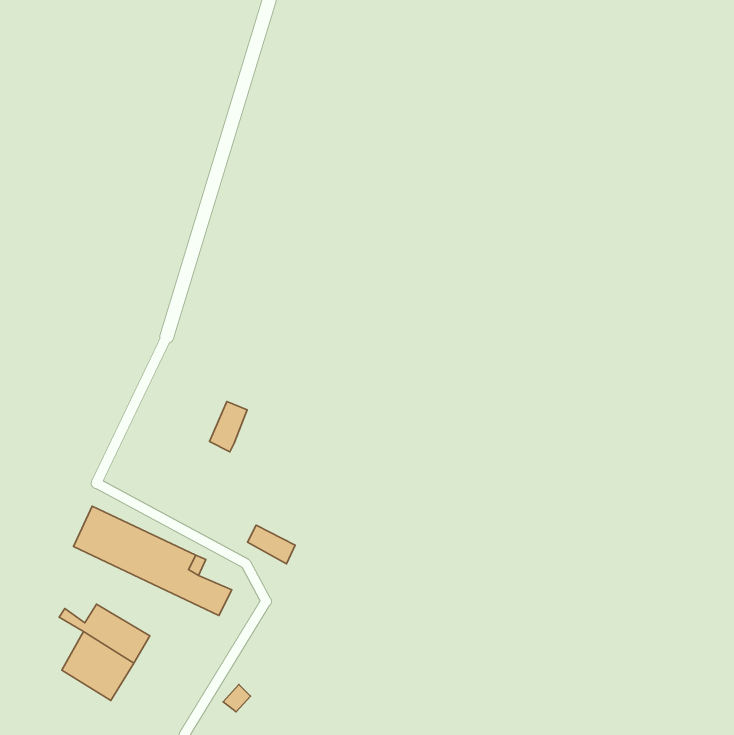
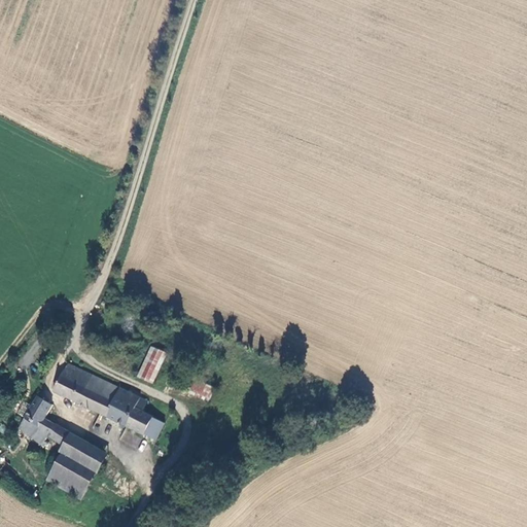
building: [210,401,247,452] -> [137,347,164,383]
building: none -> [17,396,69,446]

